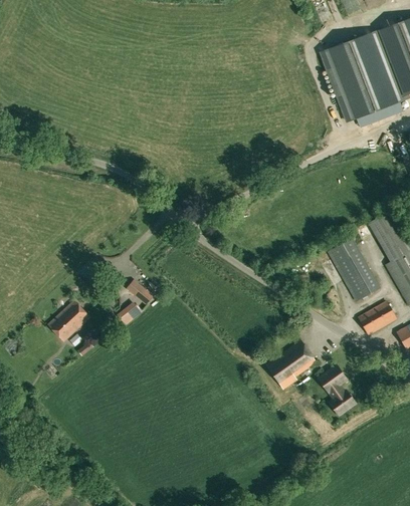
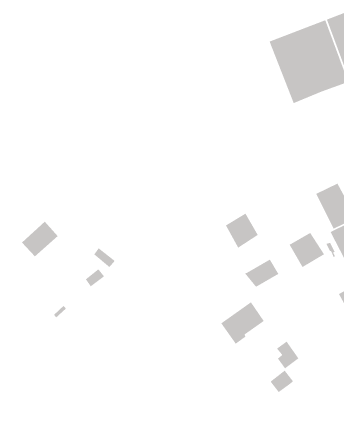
building: [328,237,365,277] -> [225,212,259,249]
building: [47,300,88,340] -> [21,221,59,257]
building: [356,301,395,333] -> [244,259,279,288]
building: [318,365,345,392] -> [269,370,294,393]

